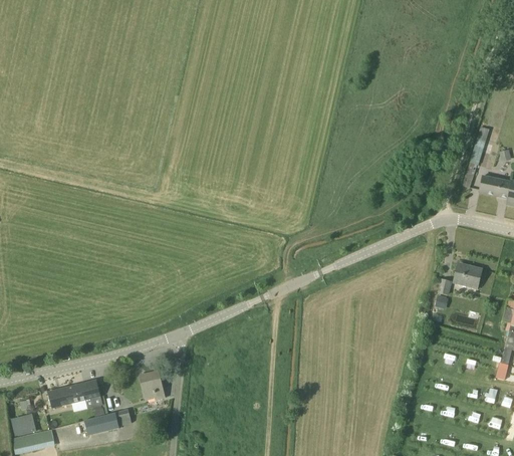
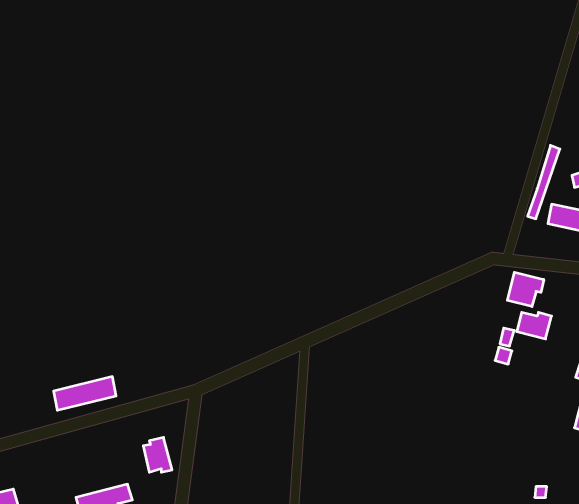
building: none -> [507,272,544,307]
building: [48,379,100,407] -> [54,377,116,410]

